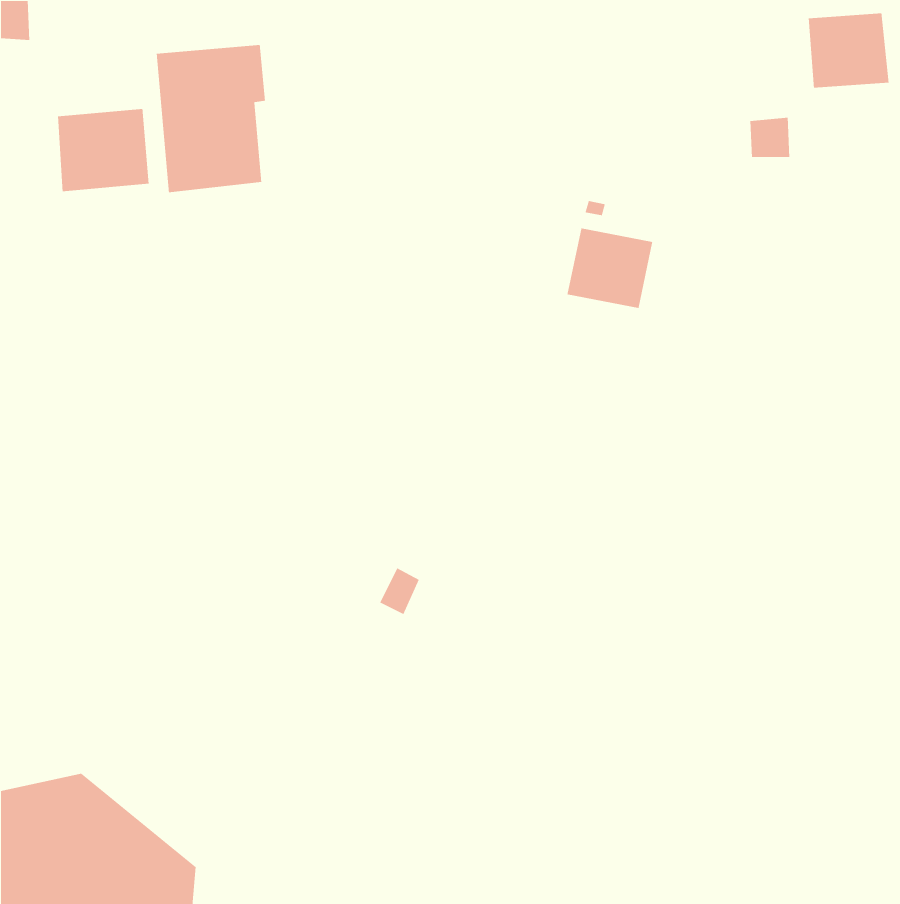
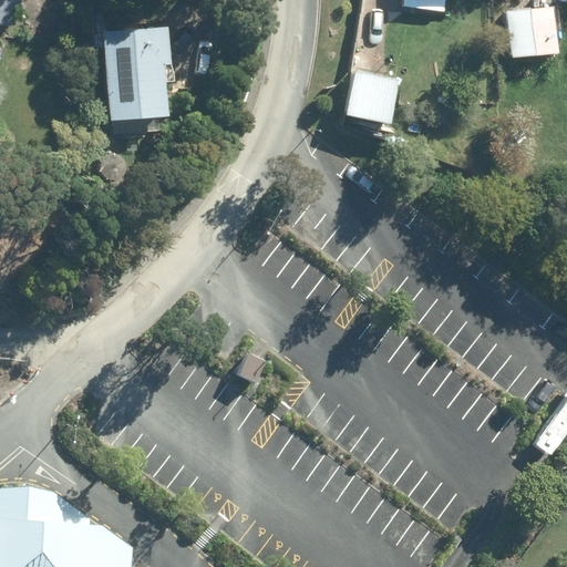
building: [57,108,150,192] -> none
building: [567,227,653,309] -> [346,73,400,124]

